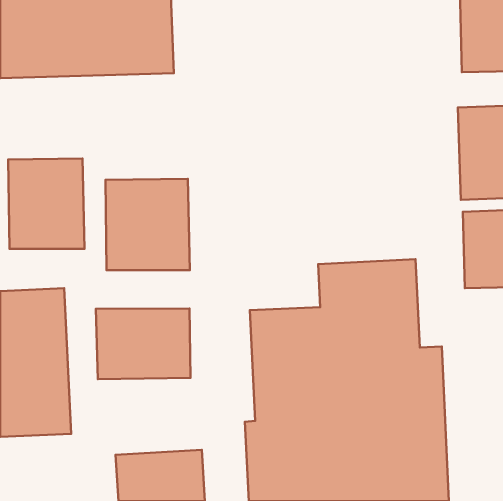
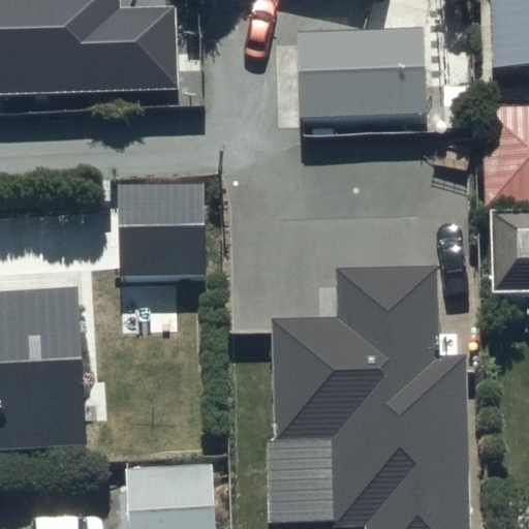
building: none -> [294,27,434,127]
building: [8,158,84,249] -> none
building: [96,308,190,379] -> none

